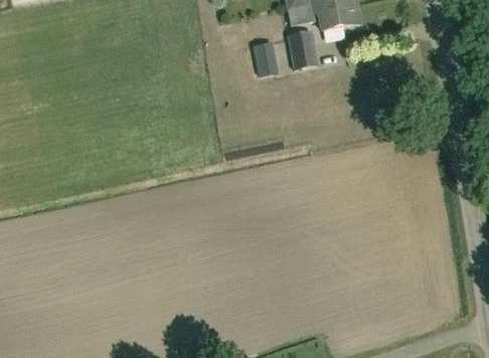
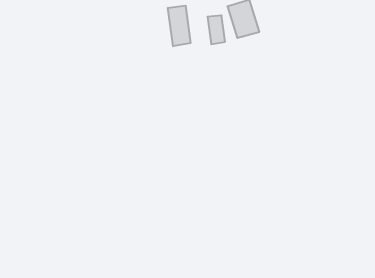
building: none -> [168,6,190,46]

